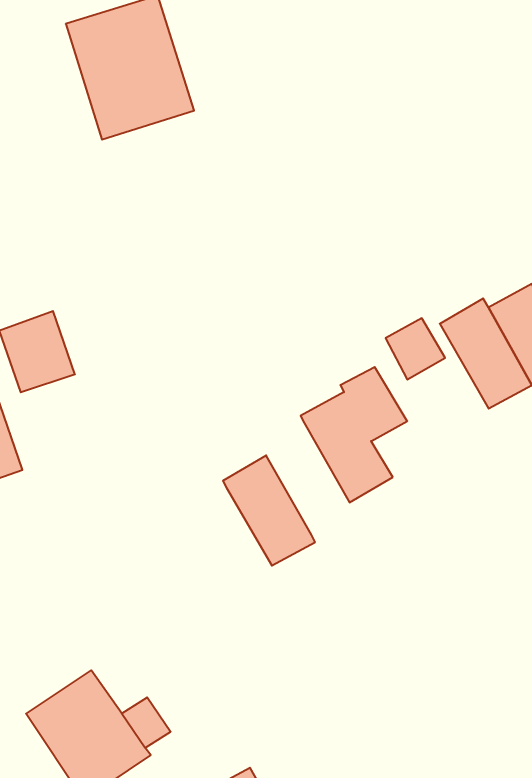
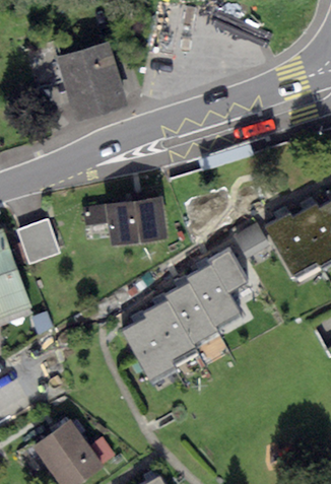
building: none -> [80,195,166,245]
building: none -> [164,281,217,344]
building: none -> [122,318,174,379]

